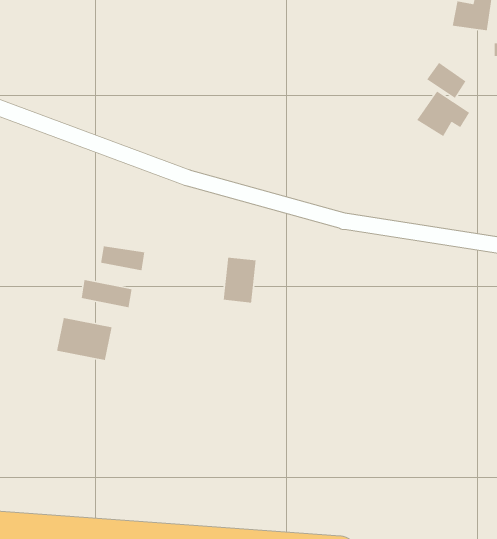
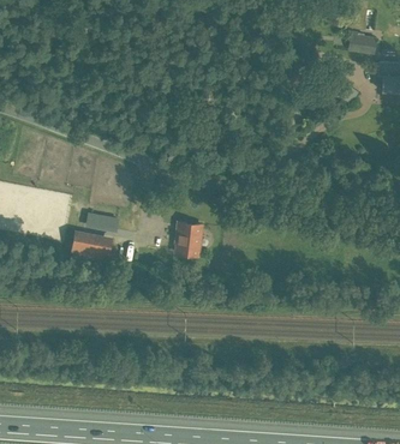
building: [416,90,470,137] -> none
building: [56,317,112,361] -> none

